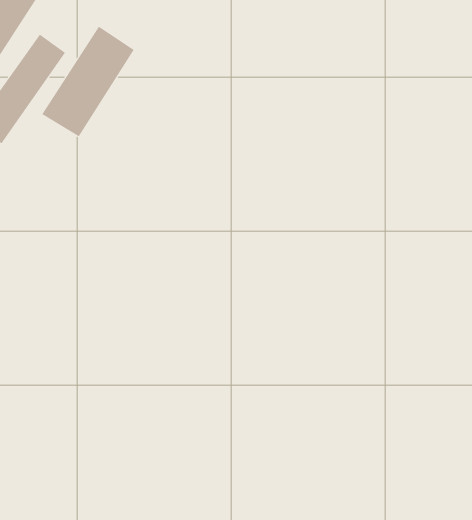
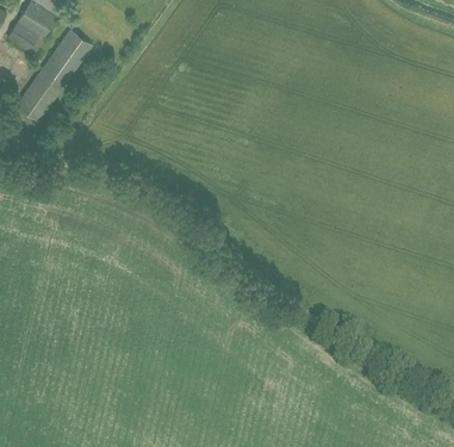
building: [41,26,135,137] -> none

